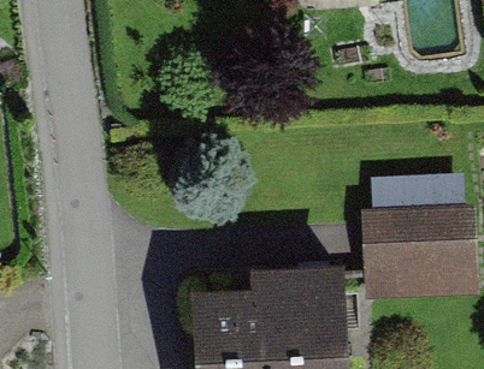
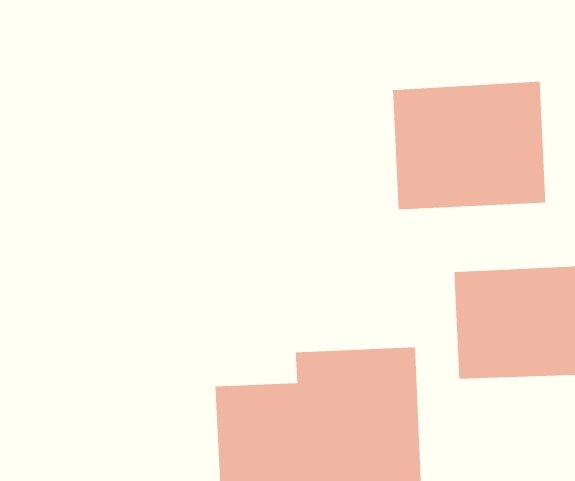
building: none -> [393,81,546,210]

